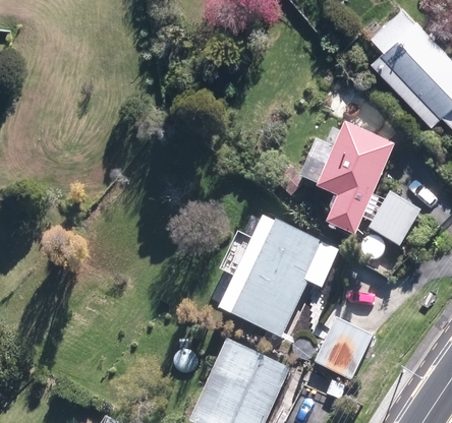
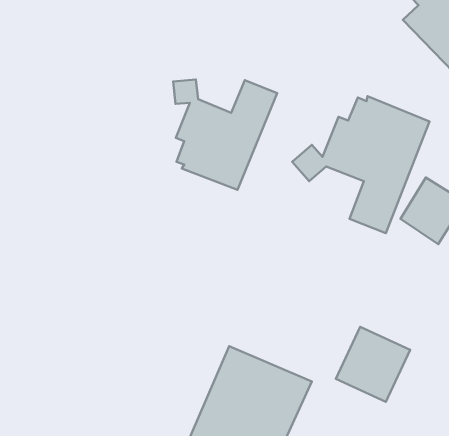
building: none -> [173,80,277,190]
building: [219,210,339,341] -> none

